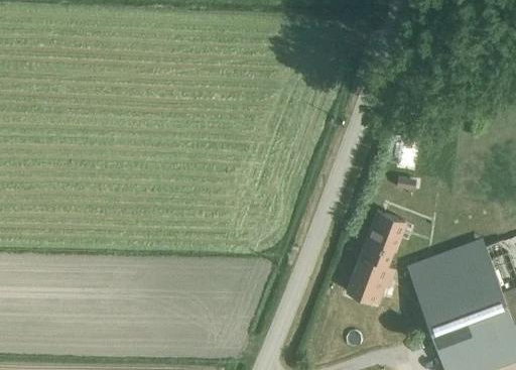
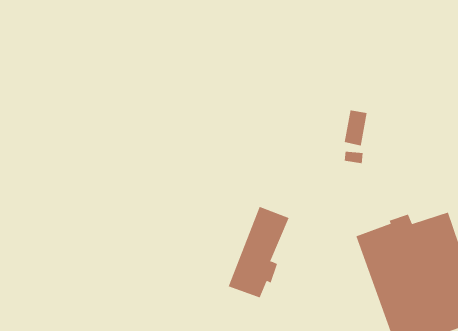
building: [344,213,407,307] -> [228,206,290,298]

